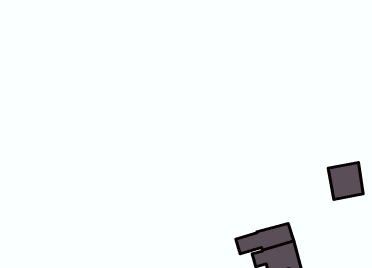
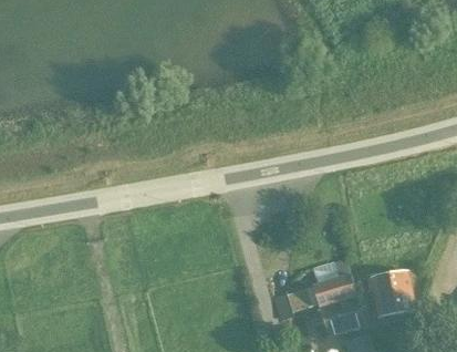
building: [328,163,363,199] -> [370,270,412,314]

